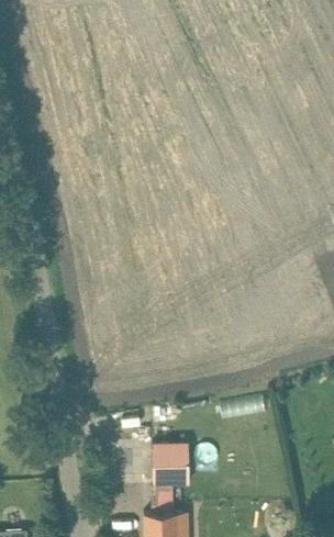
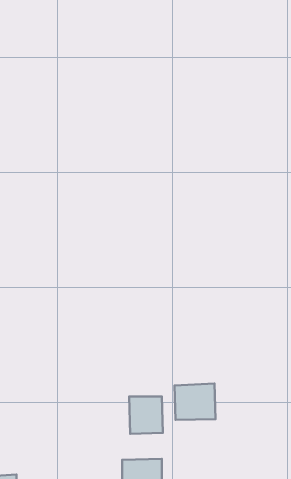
building: none -> [175,384,215,420]

